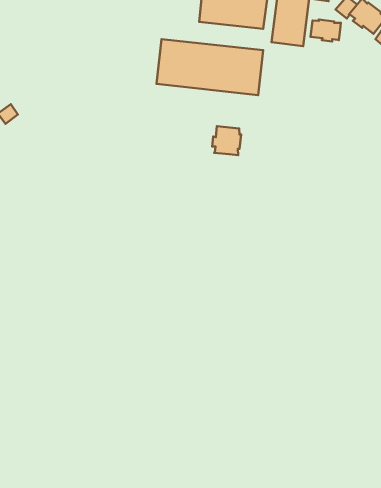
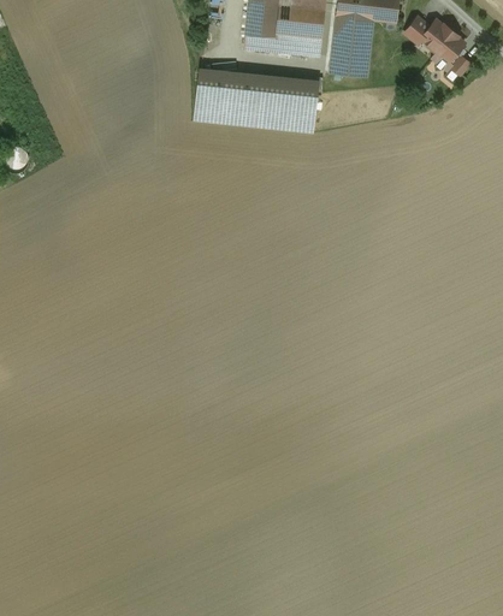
building: [310,20,341,41] -> none
building: [212,126,241,155] -> none

